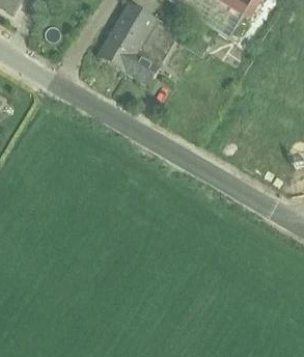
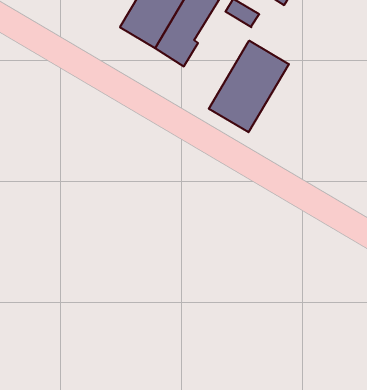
building: none -> [209,41,289,132]

